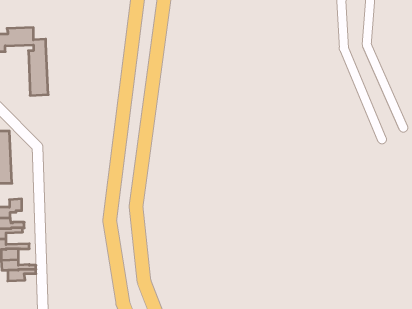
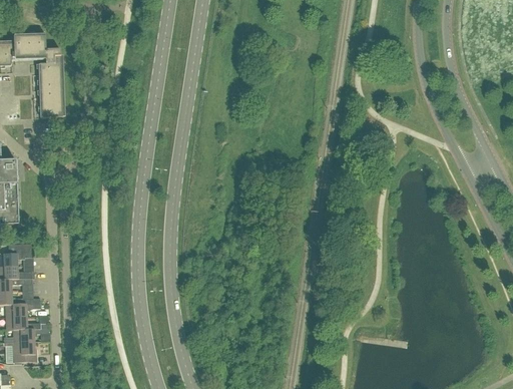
building: none -> [13,342,34,362]

